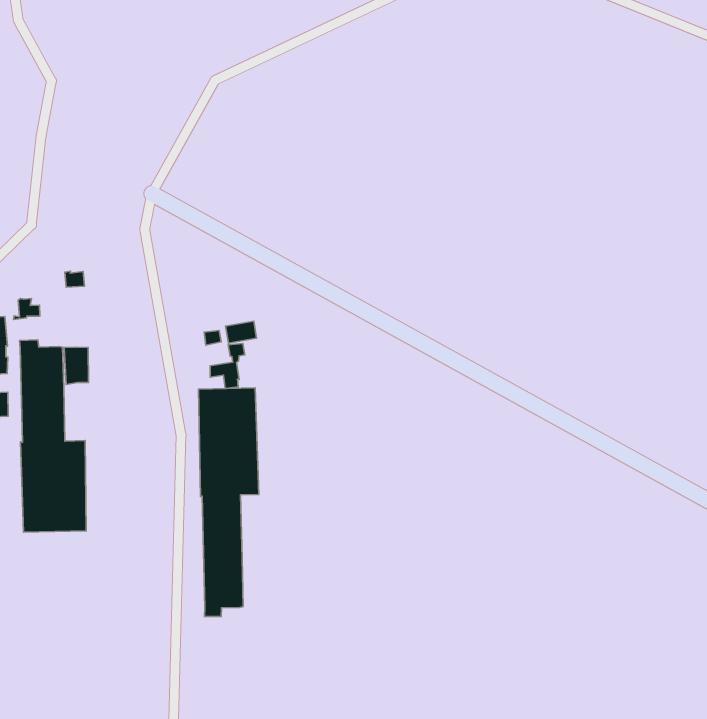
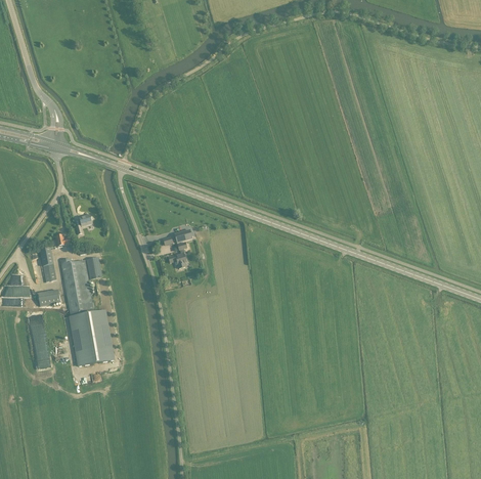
building: [198,388,259,617] -> none

